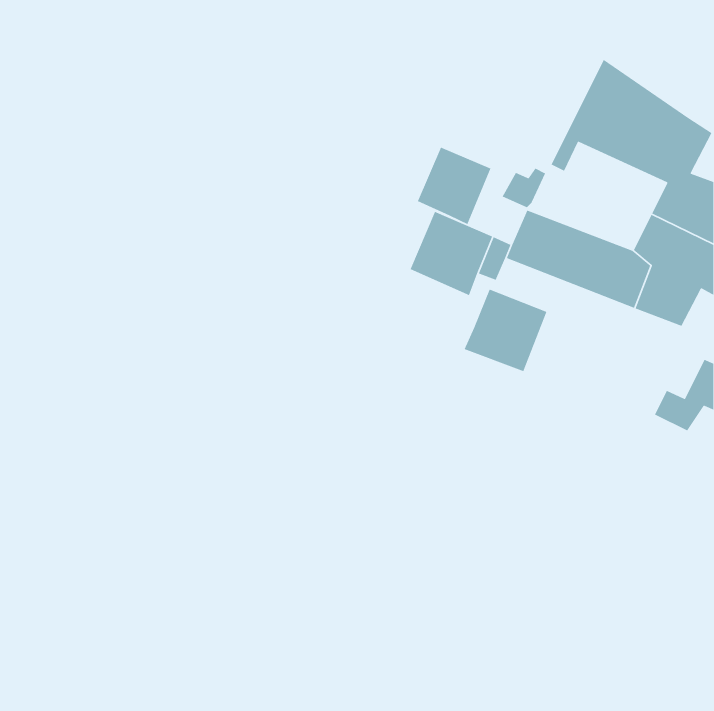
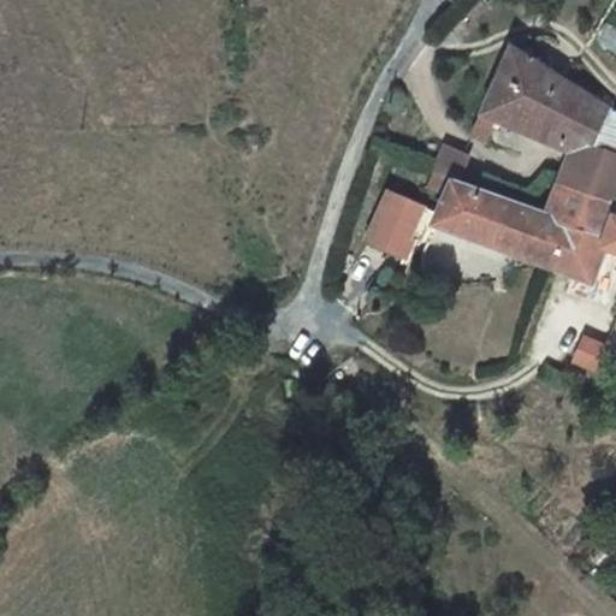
building: [417,146,491,225] -> none
building: [463,289,548,372] -> none

